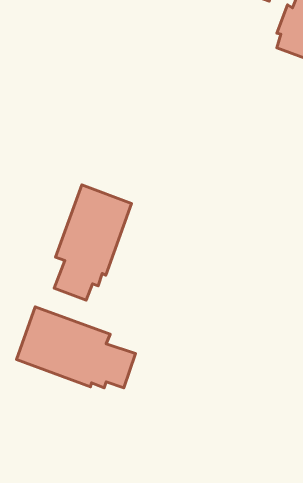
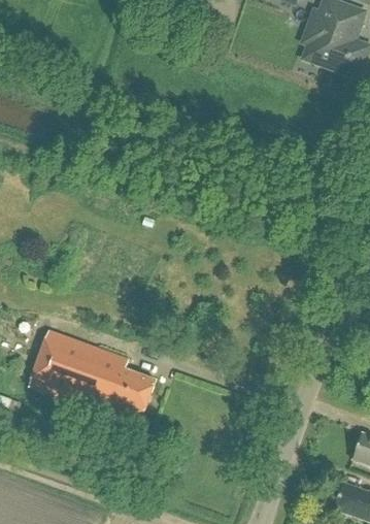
building: [54,185,132,300] -> none

